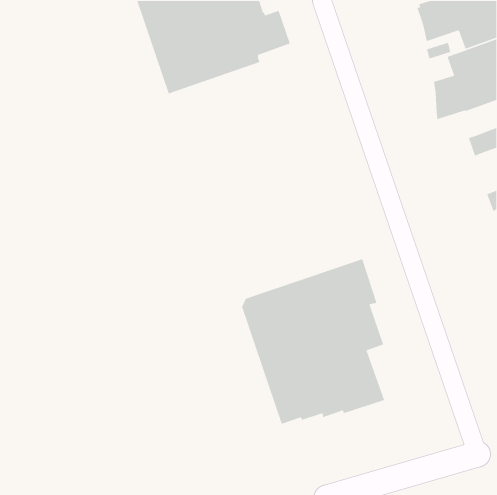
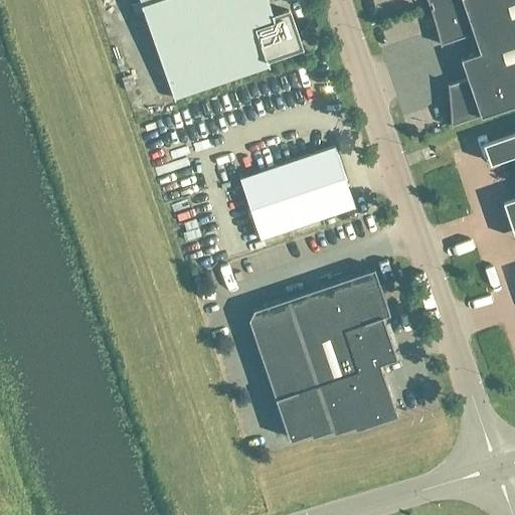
building: none -> [239,148,355,241]

